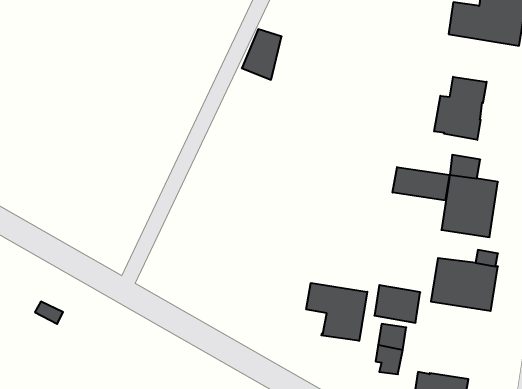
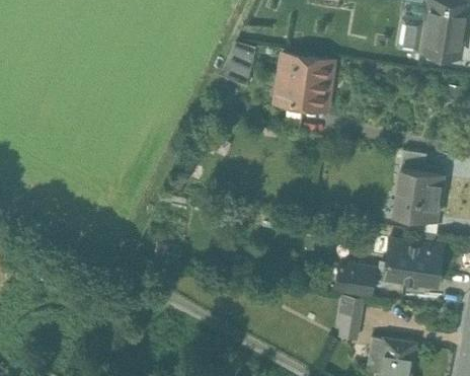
building: none -> [280,57,332,111]
building: [434,77,487,140] -> none
building: [393,167,450,200] -> none
building: [306,283,367,341] -> none

